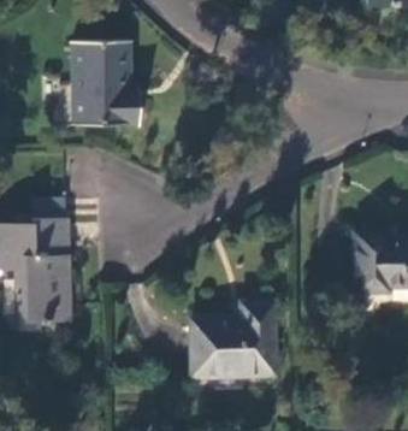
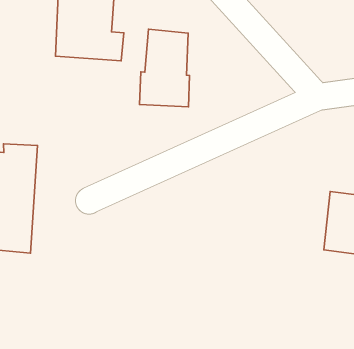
building: none -> [140,29,190,107]
building: [193,303,276,377] -> none

